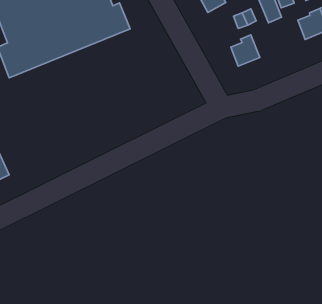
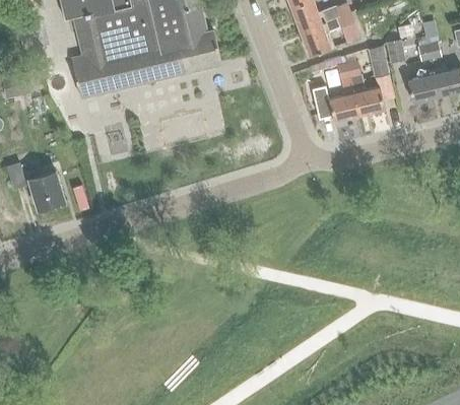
building: none -> [352,84,383,114]

